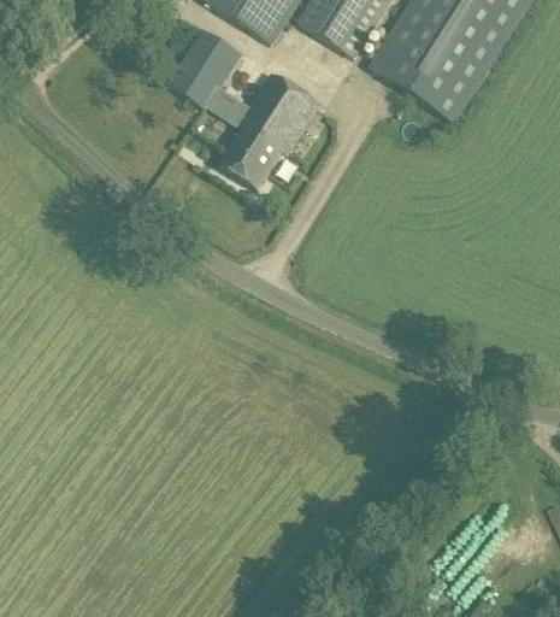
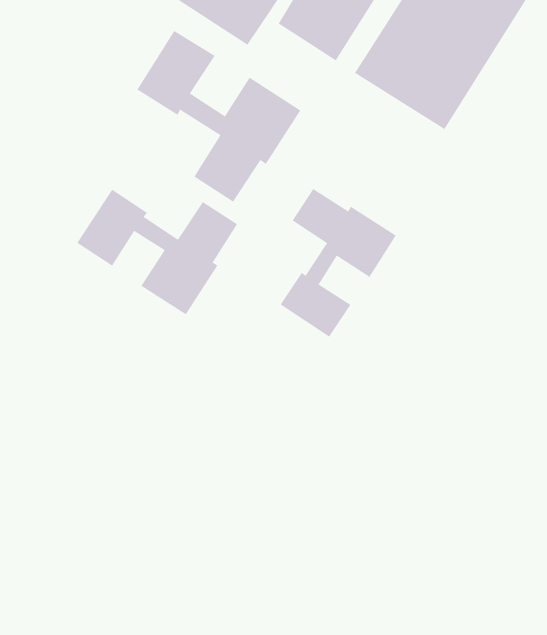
building: none -> [280,188,397,338]
building: none -> [77,189,238,315]

